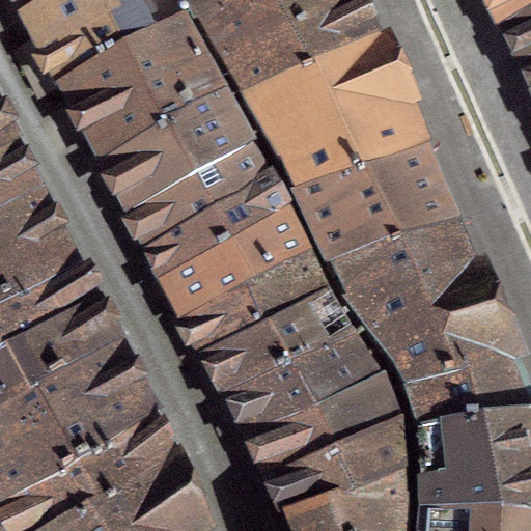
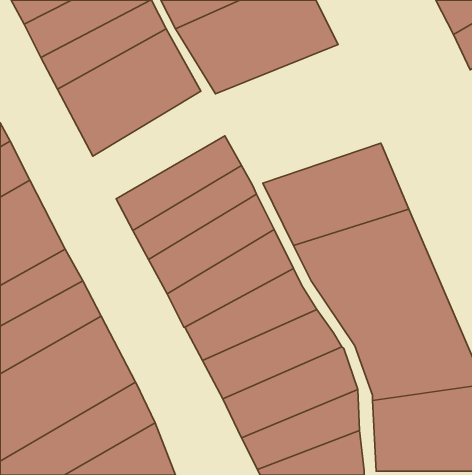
building: [244,50,428,204] -> none
building: [107,102,254,222] -> none

